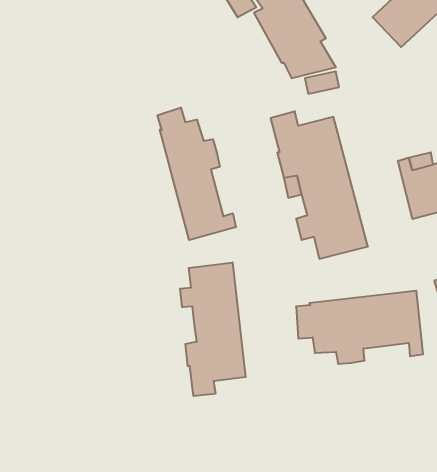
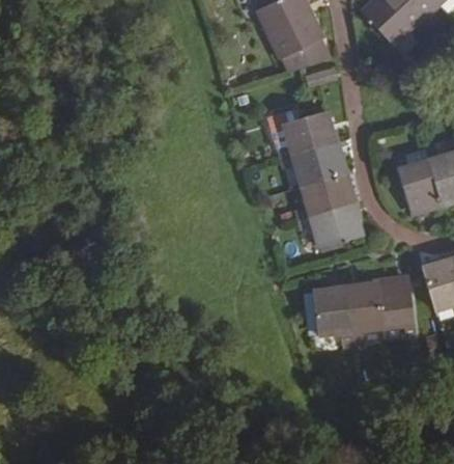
building: [158,108,236,240] -> none
building: [180,262,246,396] -> none

